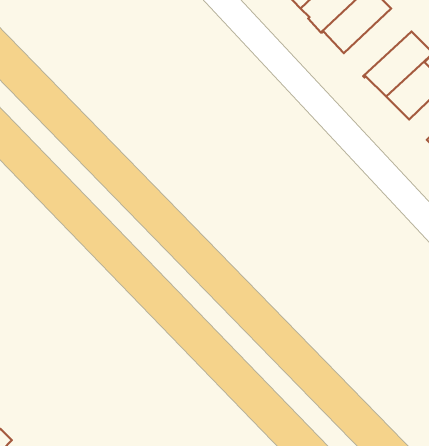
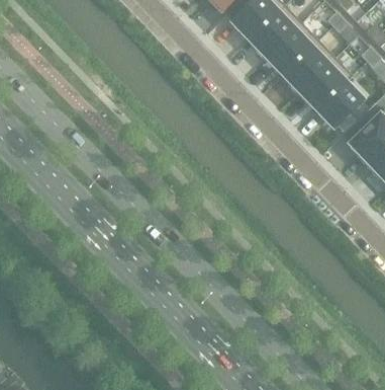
building: none -> [282,41,335,94]

